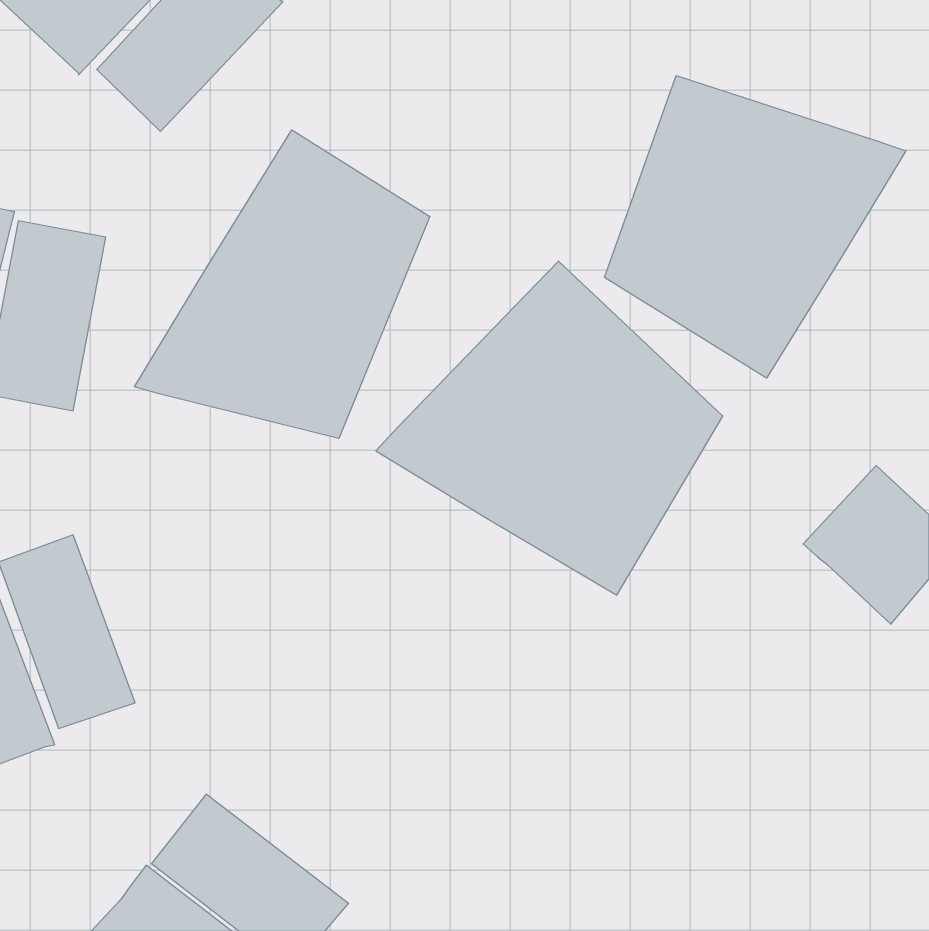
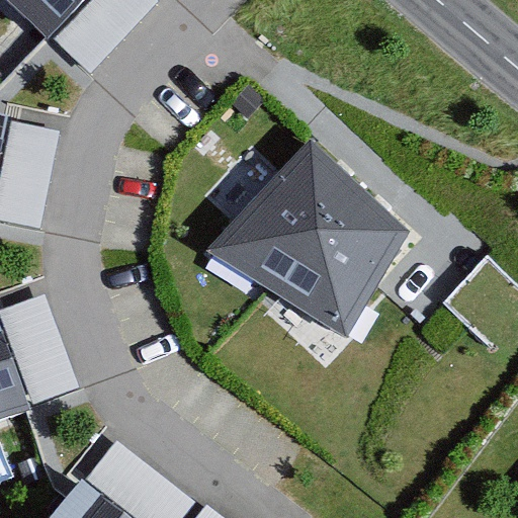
building: [605,76,906,378] -> none
building: [134,130,430,438] -> none

